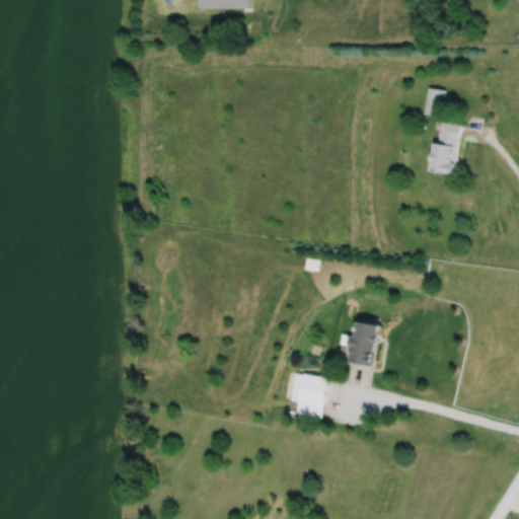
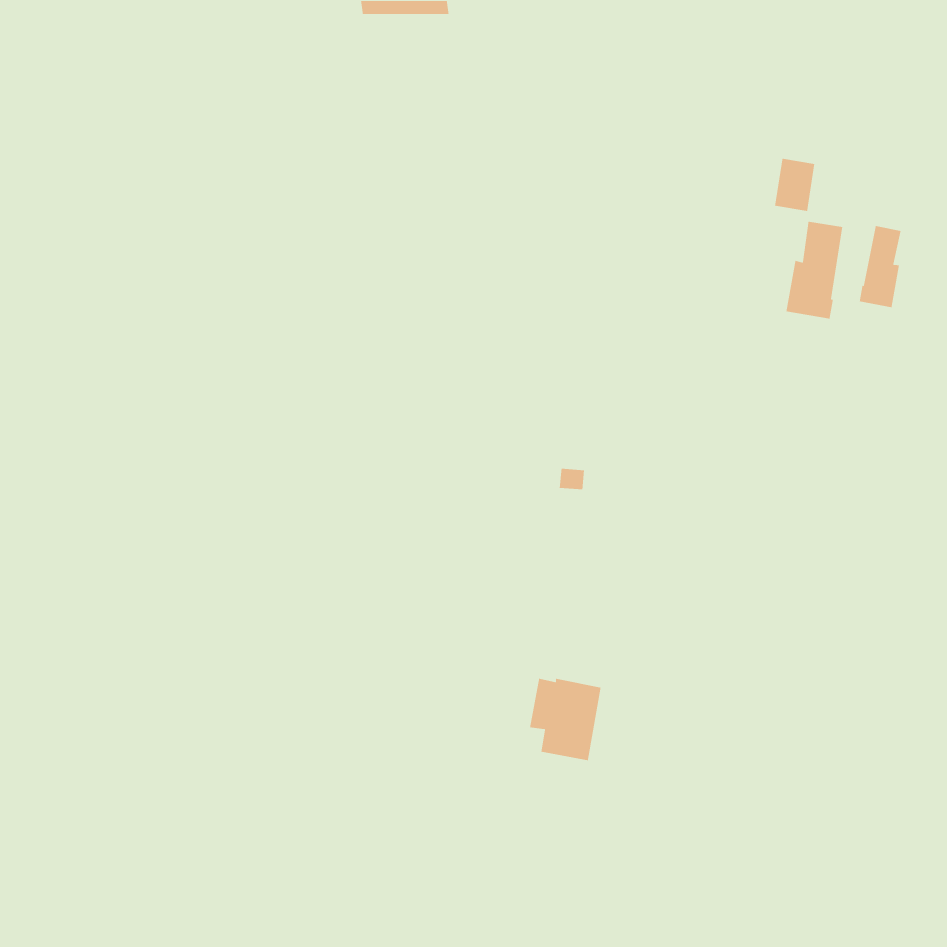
building: none -> [859,225,902,308]
building: [341,317,382,365] -> none

